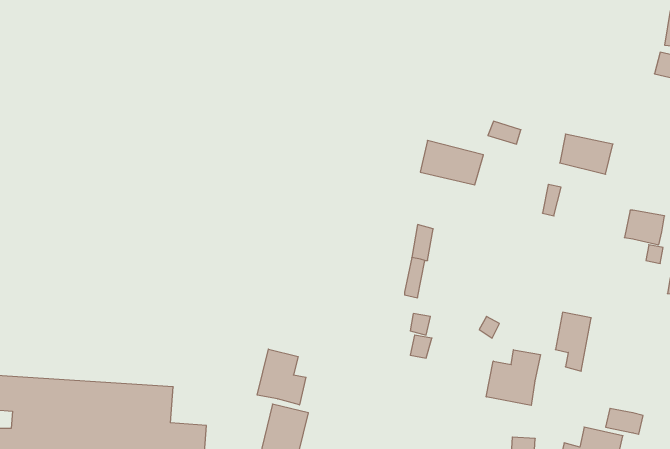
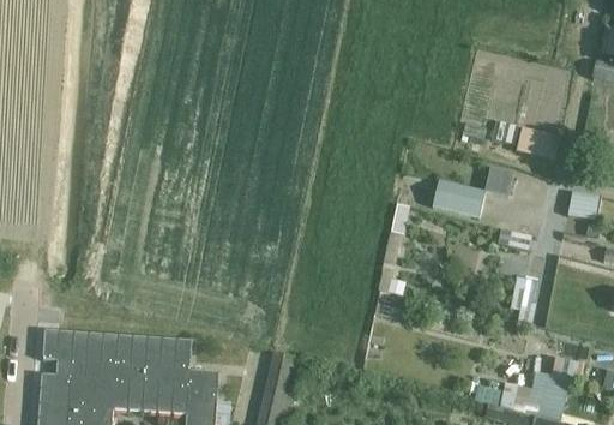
building: [420,140,483,185] -> [432,181,484,219]
building: [257,349,306,405] -> none
building: [486,350,540,405] -> none

